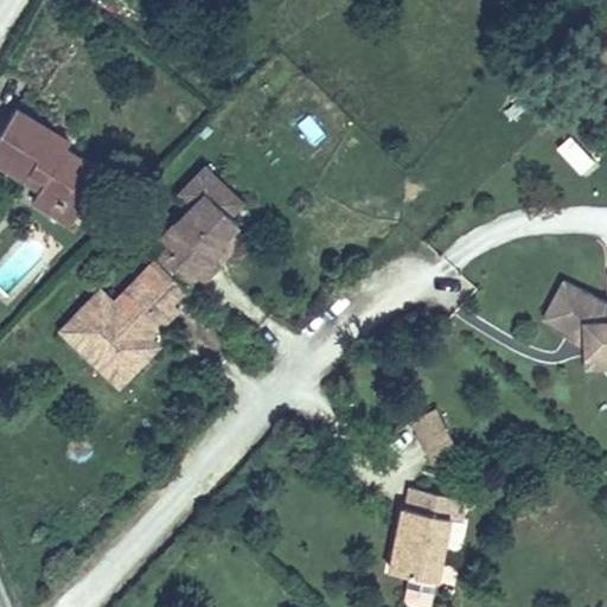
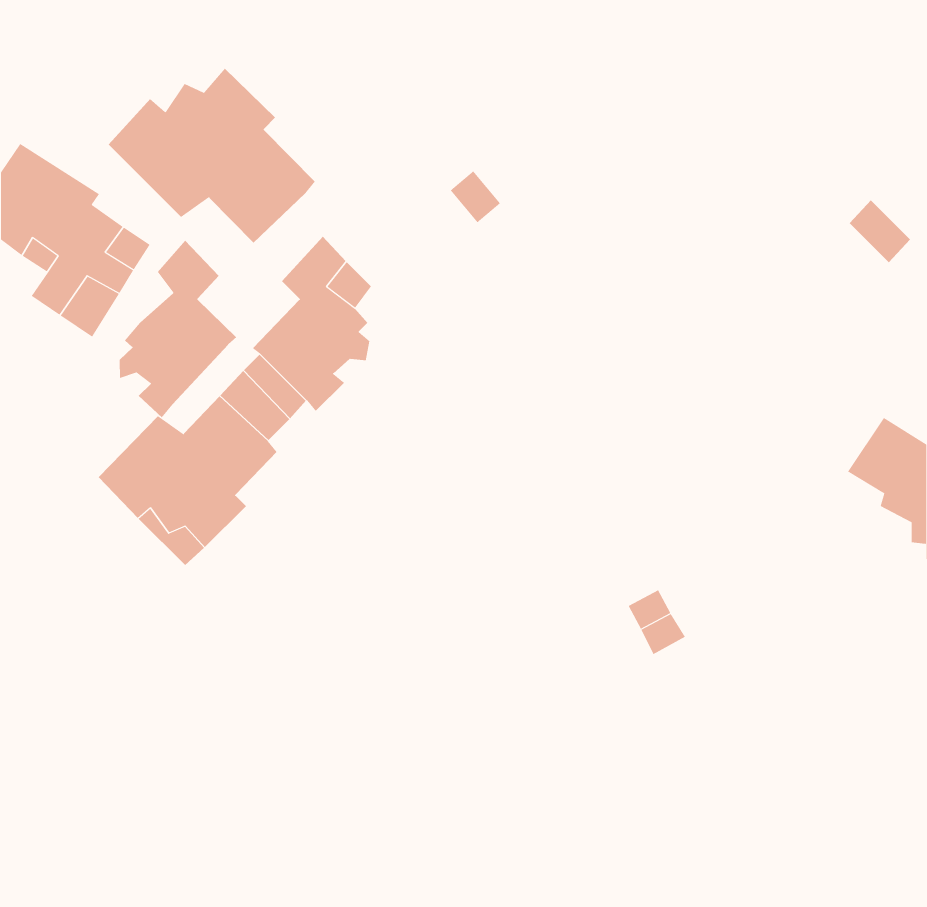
building: none -> [108,68,315,243]
building: none -> [119,240,237,418]
building: [382,479,464,600] -> none

